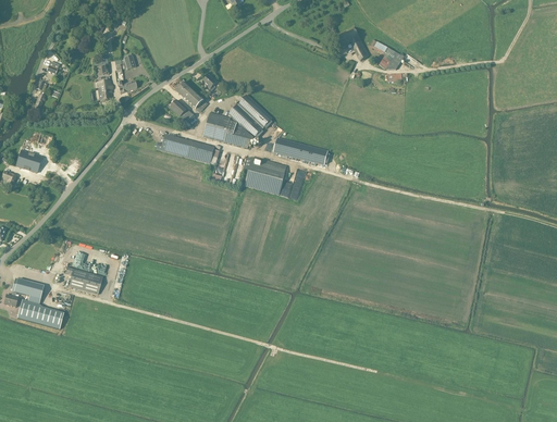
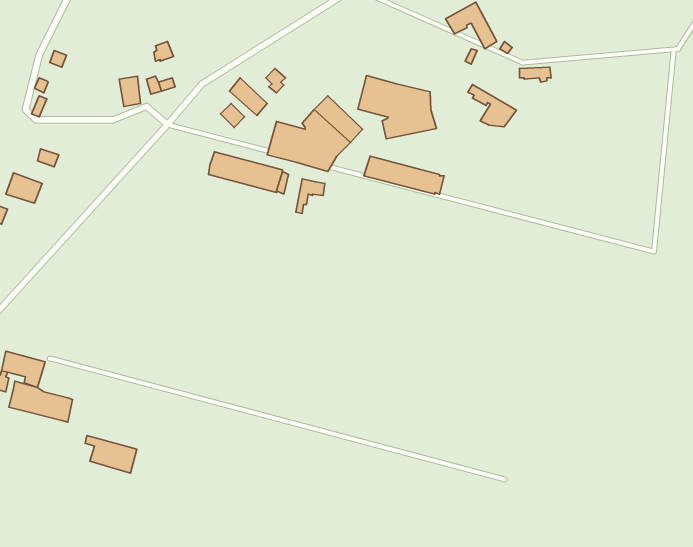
building: [369,38,404,69] -> [468,84,516,127]
building: none -> [358,76,436,139]
building: [243,156,285,194] -> none
building: [64,266,101,294] -> [85,436,137,473]

